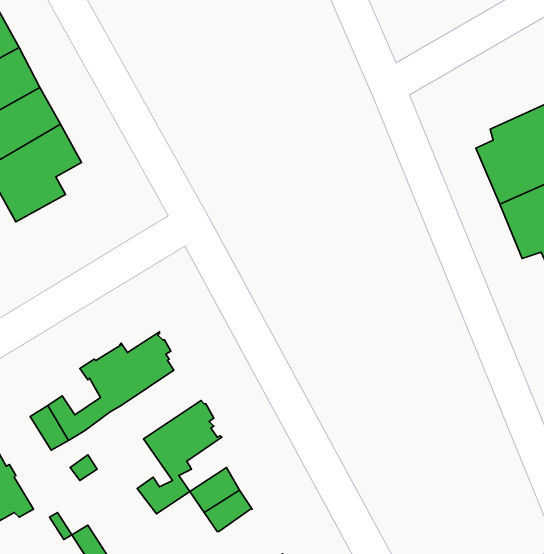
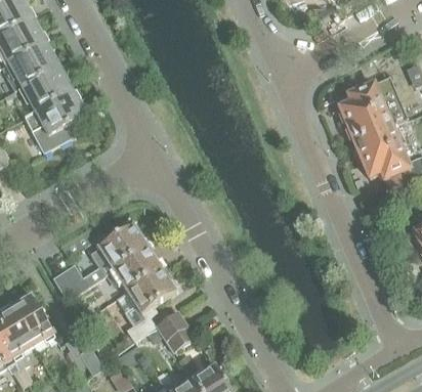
building: none -> [111,245,162,292]

